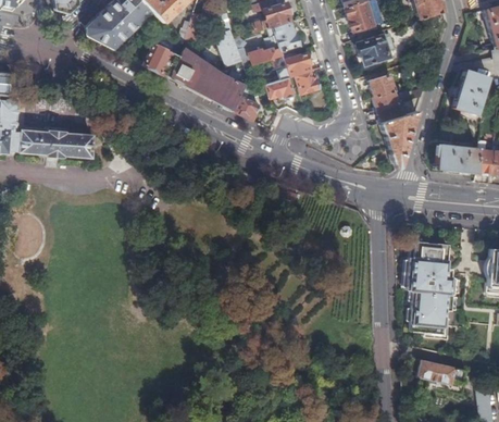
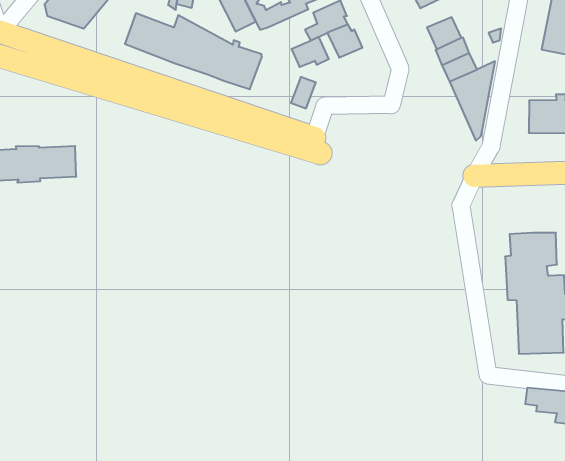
building: [232,86,260,119] -> none

